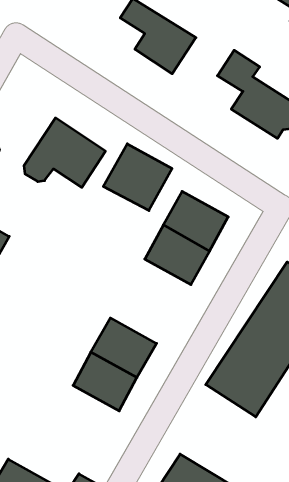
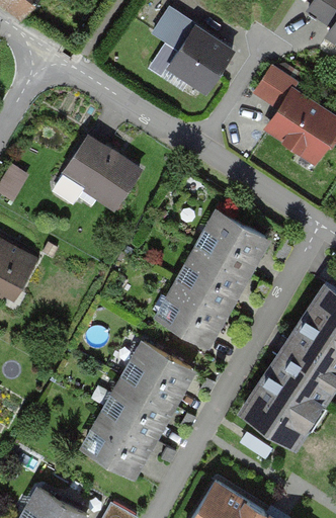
building: [103,144,172,211] -> none
building: none -> [159,282,227,344]
building: none -> [85,413,153,474]

